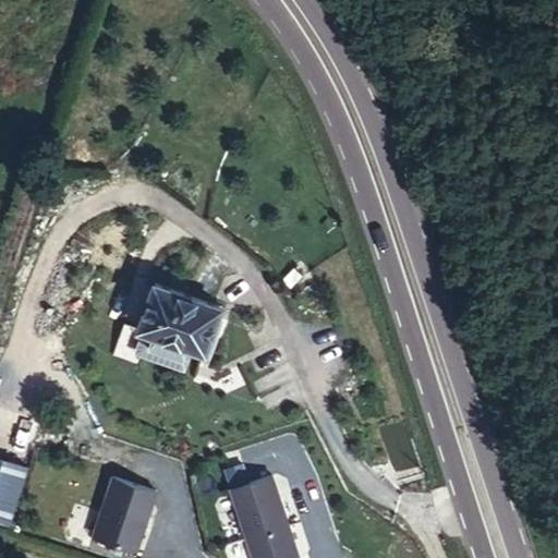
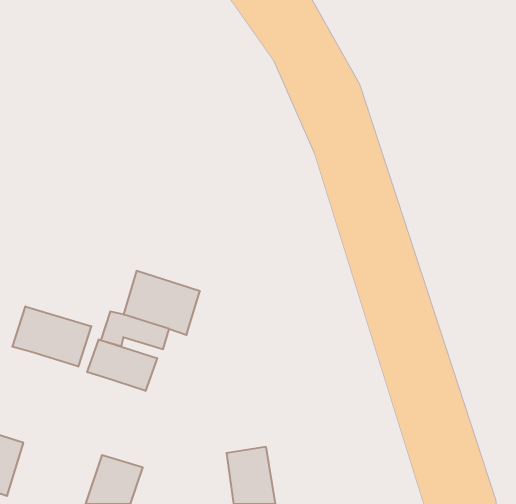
building: none -> [12,306,91,367]
building: none -> [87,339,157,391]

